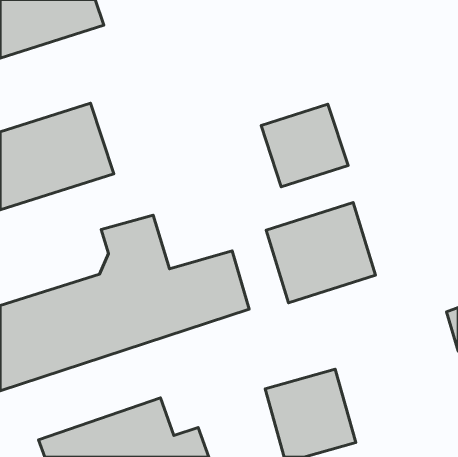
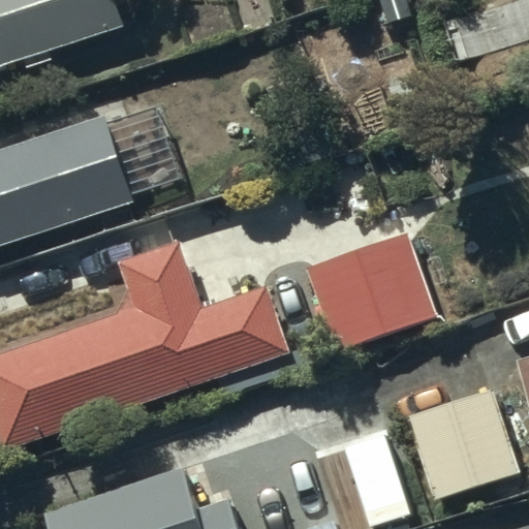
building: [261,104,348,187] -> none
building: none -> [410,390,519,496]

